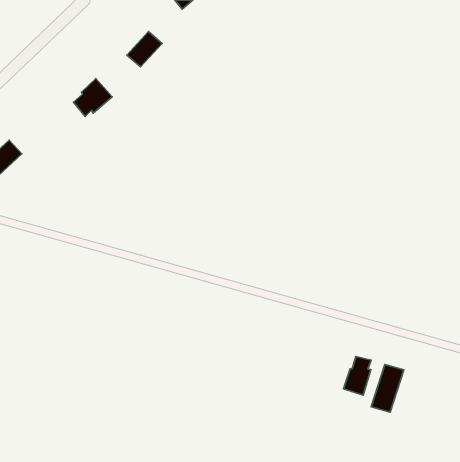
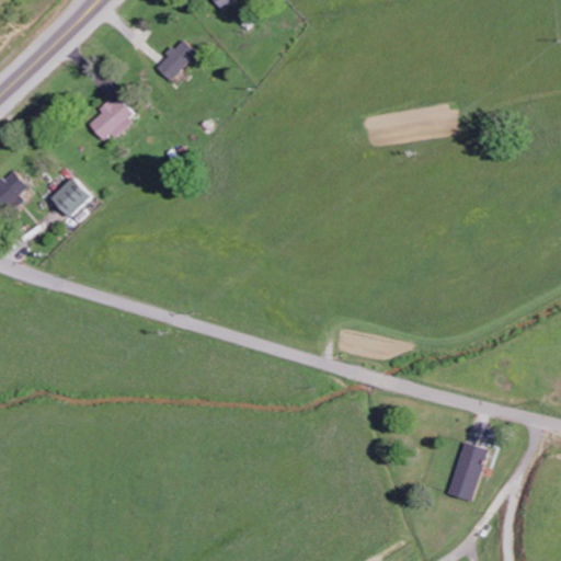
building: none -> [51,178,91,218]
building: [343,356,371,395] -> none

